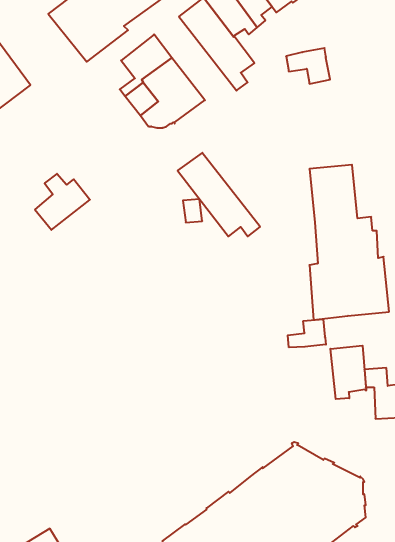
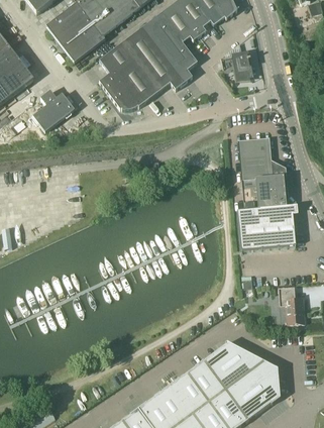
building: [178,153,260,236] -> [123,27,184,89]
building: [35,174,90,230] -> [32,89,73,130]
building: [288,319,326,347] -> none
building: [330,346,366,399] -> none

